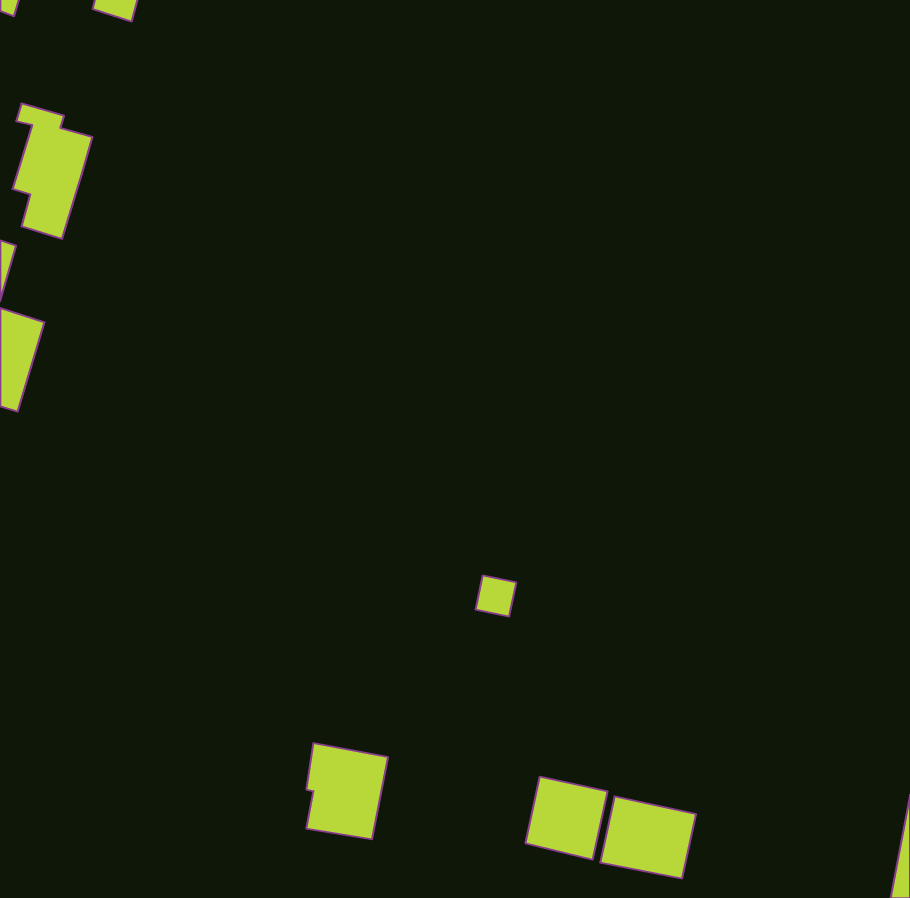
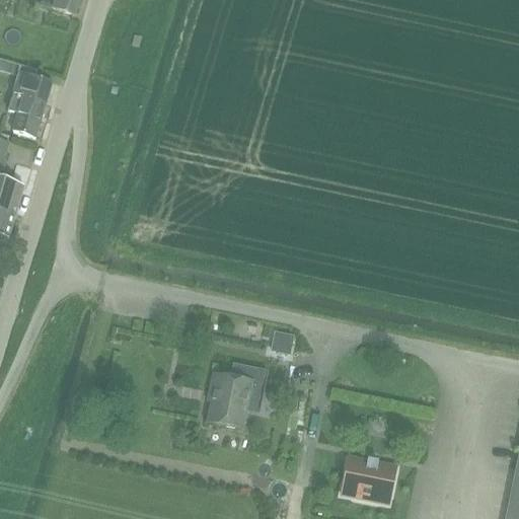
building: [306,743,388,839] -> [207,371,253,426]
building: [526,777,607,860] -> none

